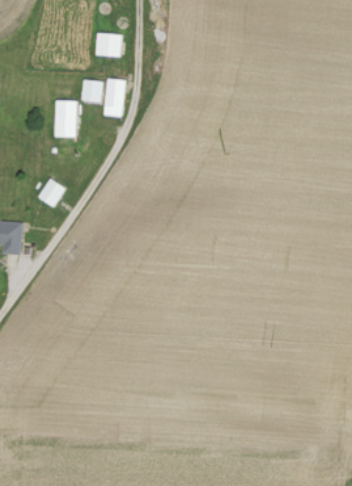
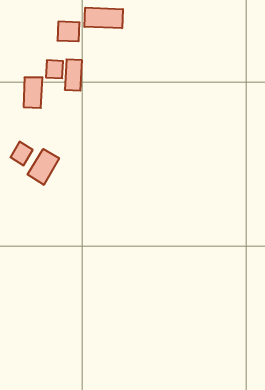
building: none -> [84,8,123,28]
building: none -> [28,149,59,185]

